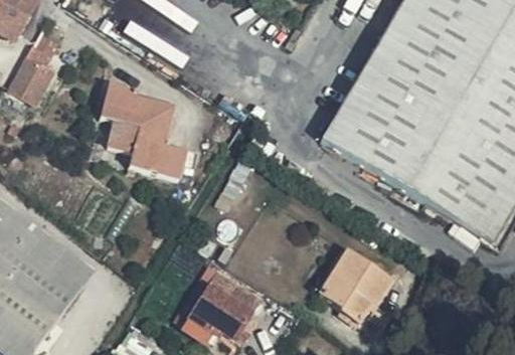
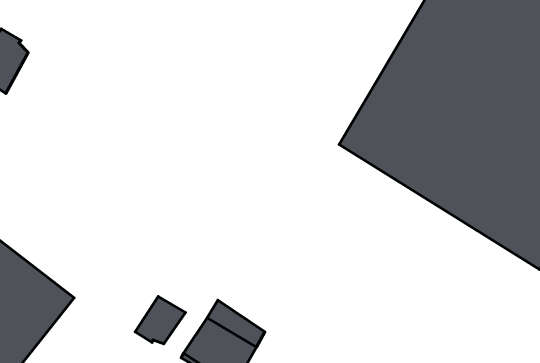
building: [99,79,187,178] -> none
building: [322,243,398,316] -> none
building: none -> [135,297,185,344]

